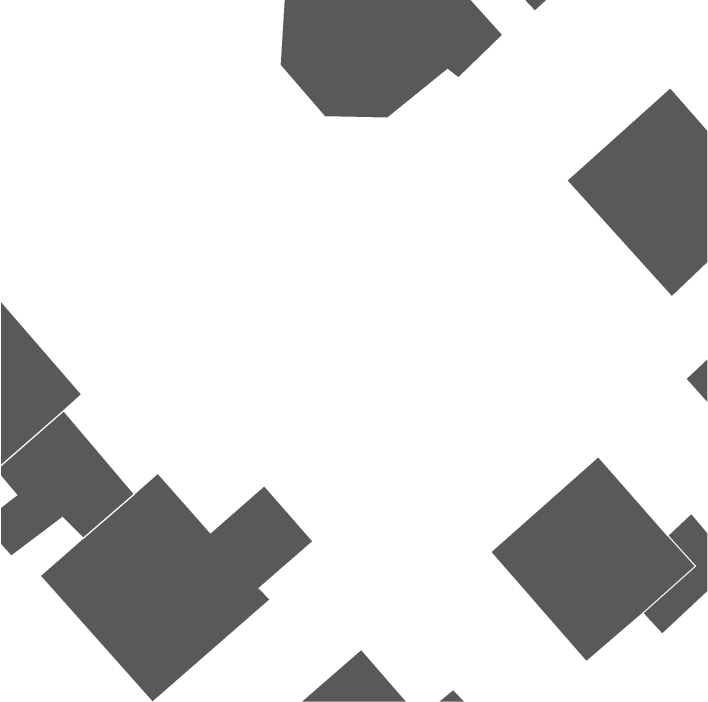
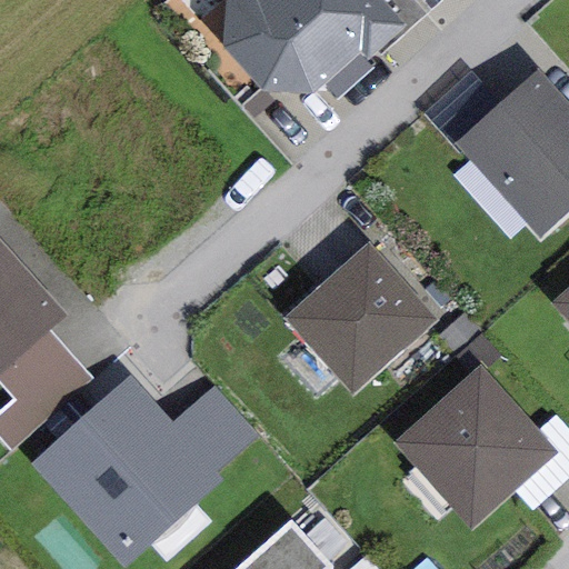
building: none -> [282,242,436,395]

